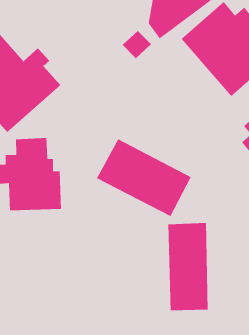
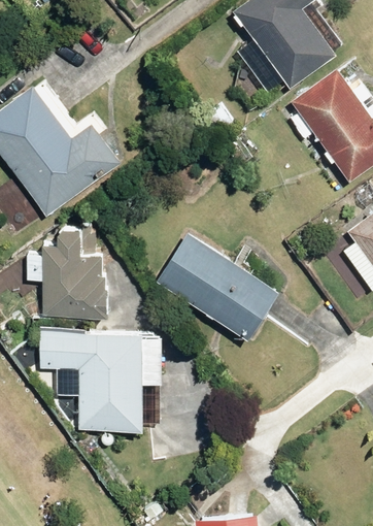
building: none -> [37,327,176,433]
building: [167,222,209,311] -> none

